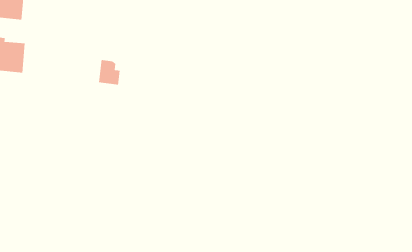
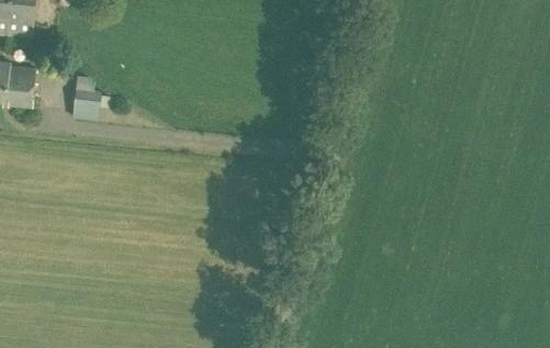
building: [98,59,120,85] -> [70,77,99,110]

